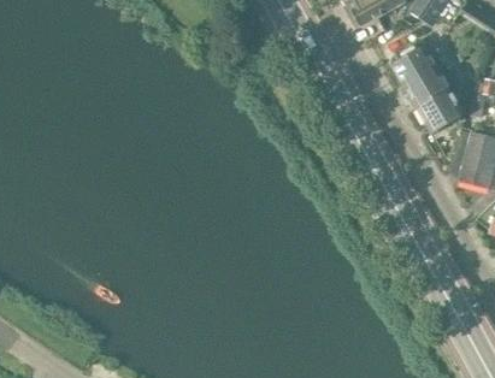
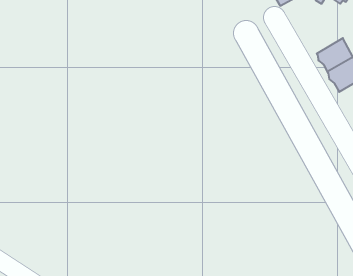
building: [395,37,438,84] -> none

